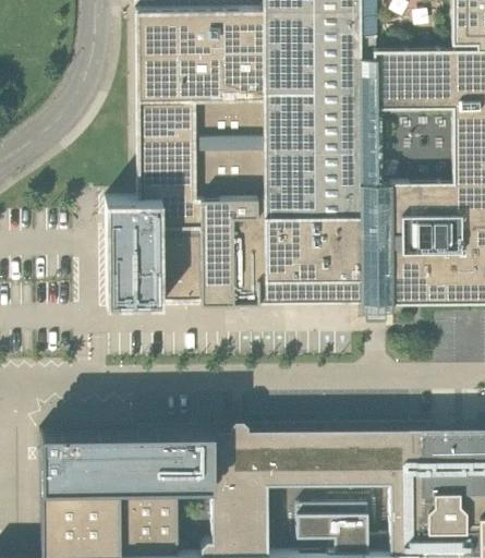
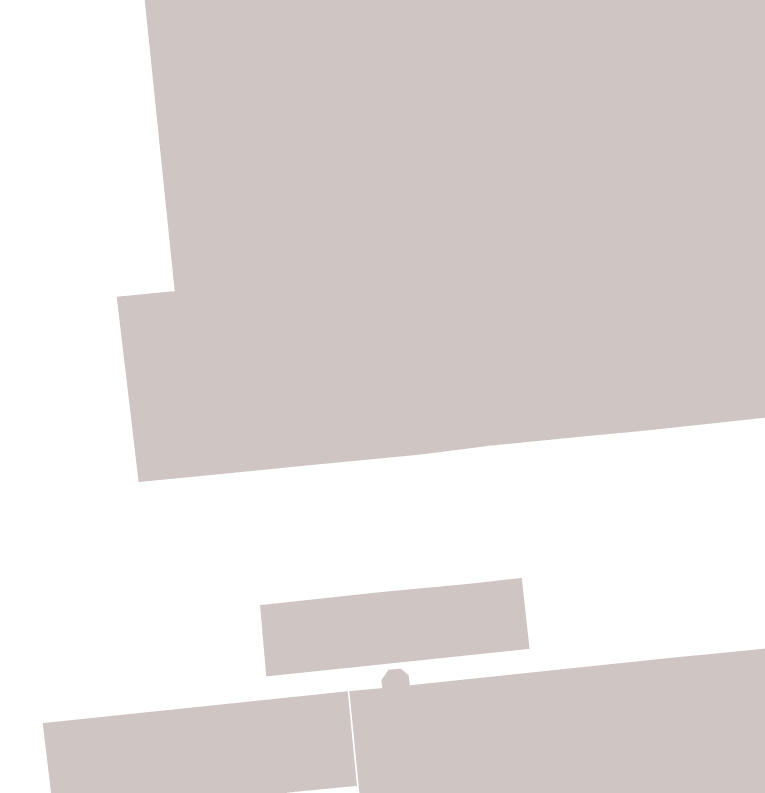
building: none -> [259,577,530,677]

